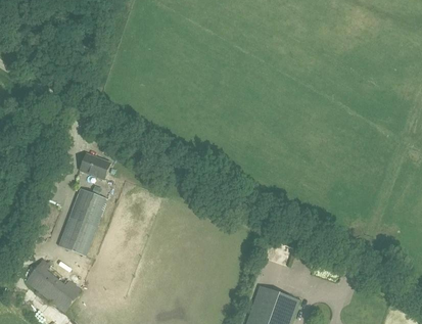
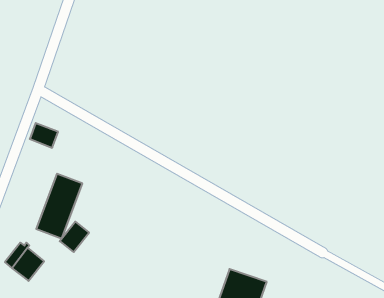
building: [80,153,109,179] -> [30,123,58,148]
building: [50,279,81,311] -> [60,222,89,252]

